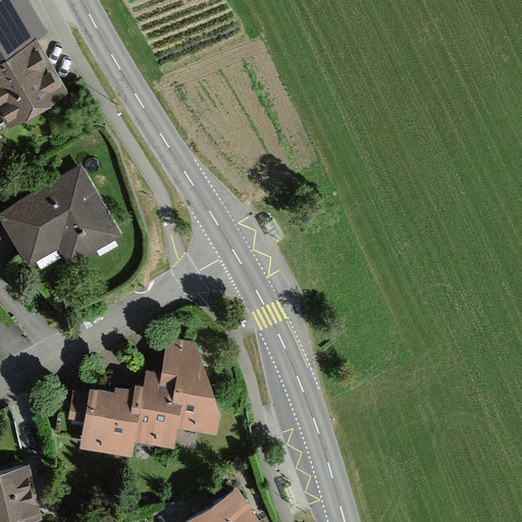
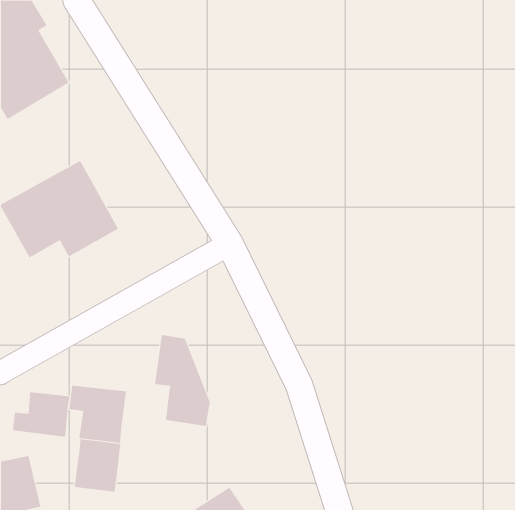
building: [123,390,171,445] -> [74,439,121,492]
building: none -> [12,391,70,437]

